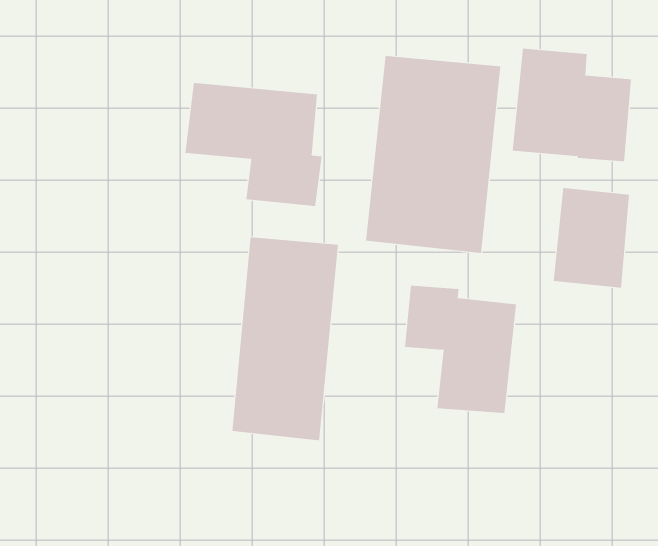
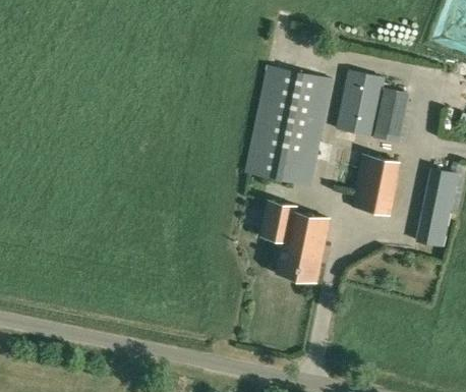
building: [185,82,322,207] -> none
building: [232,236,338,441] -> none

